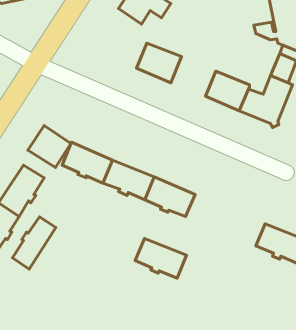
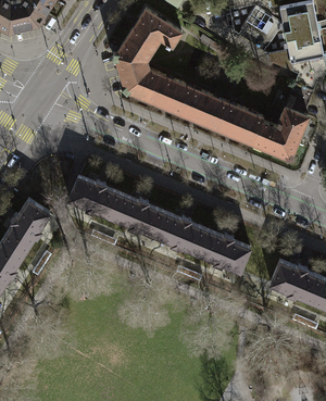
building: none -> [112,37,156,99]
building: none -> [181,87,228,128]
building: [28,125,71,167] -> none
building: [12,217,56,269] -> none
building: [135,239,186,278] -> [197,230,250,272]

